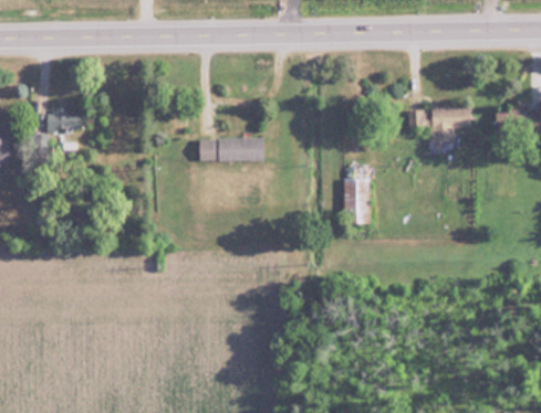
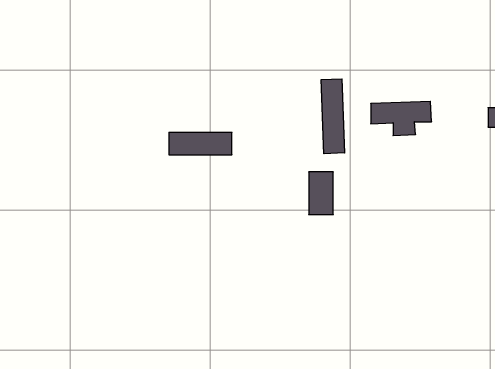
building: none -> [321,79,345,154]
building: [49,109,82,134] -> none

